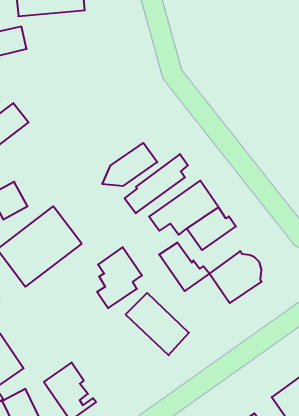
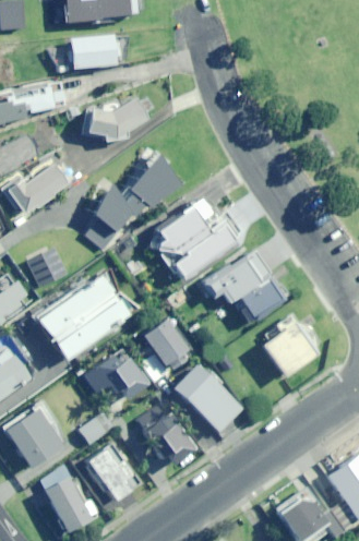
building: none -> [82,96,146,142]
building: none -> [86,156,179,249]
building: [159,242,209,291] -> none
building: none -> [84,348,148,399]
building: none -> [137,406,200,462]
building: none -> [80,412,113,444]

